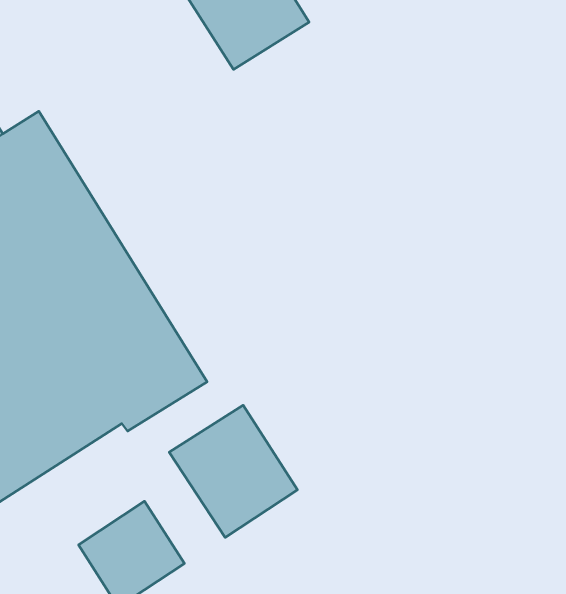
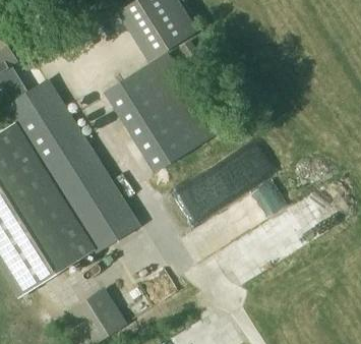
building: none -> [106,53,219,172]
building: [169,405,298,538] -> none

